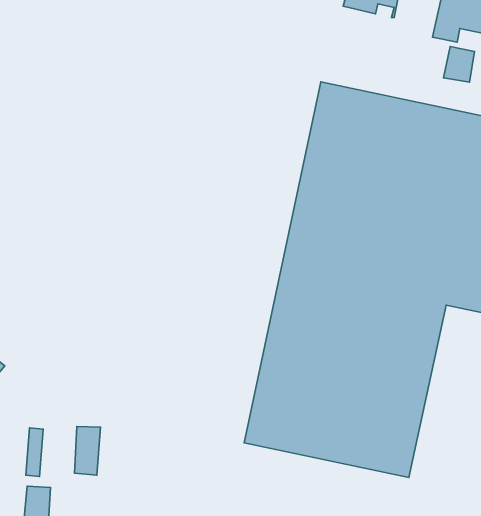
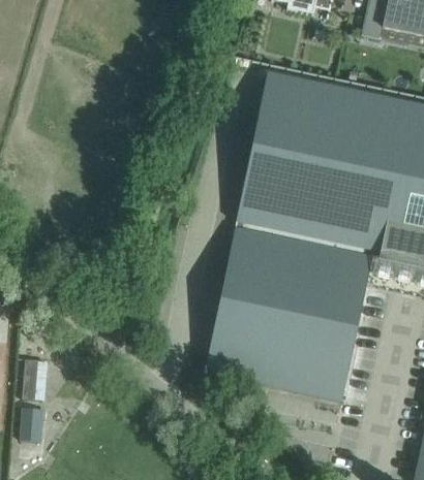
building: [444,46,474,82] -> none
building: [74,426,100,475] -> none

